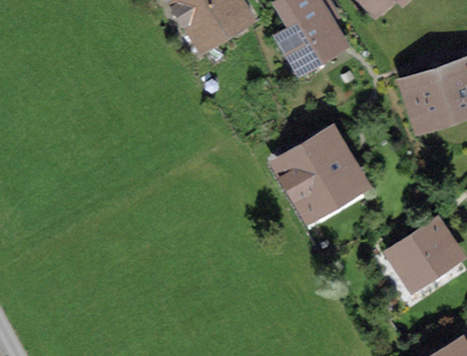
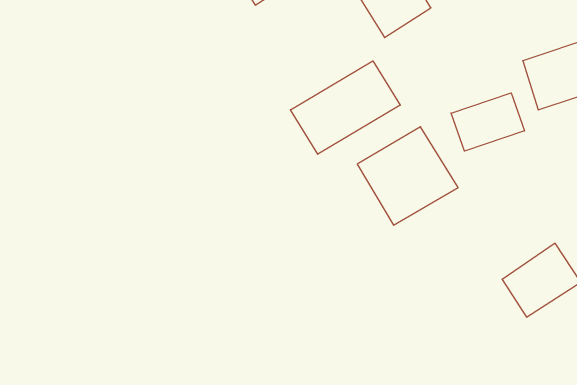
building: none -> [290,61,400,154]
building: none -> [451,93,525,151]

